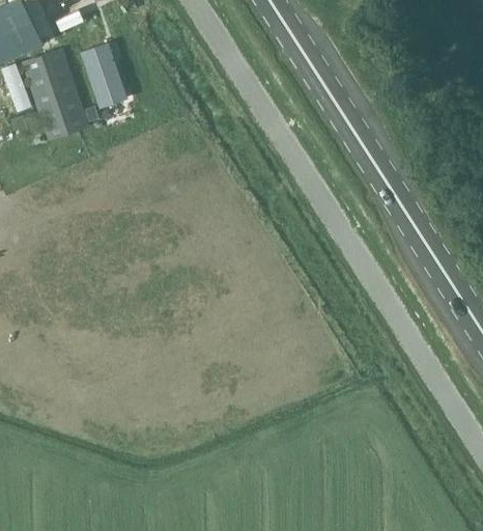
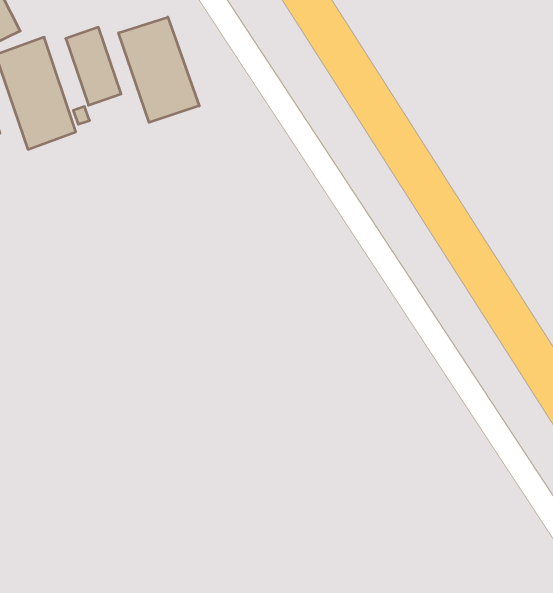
building: none -> [119,17,199,122]

